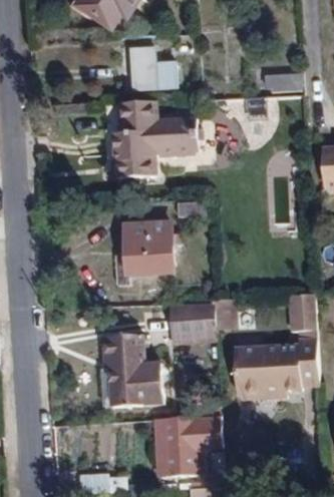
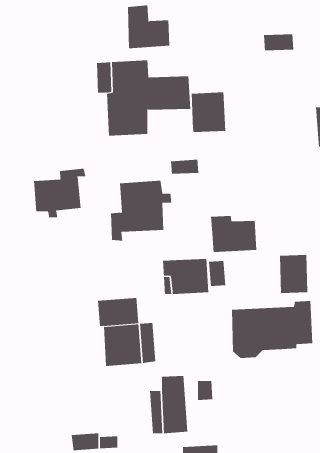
building: none -> [191,91,226,133]
building: none -> [34,168,86,218]
building: none -> [211,215,257,253]

